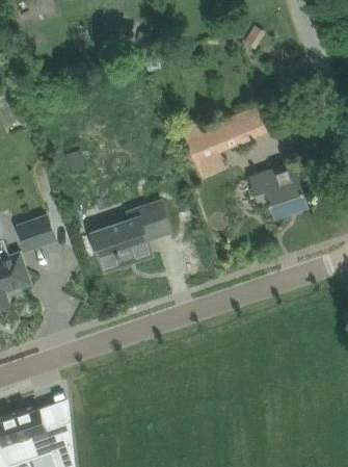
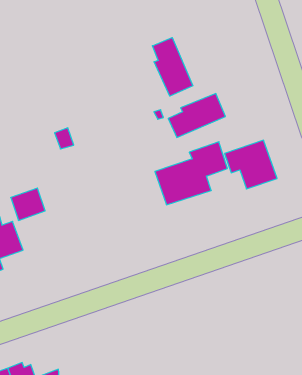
building: none -> [152,38,193,96]
building: [90,203,169,271] -> [155,142,227,205]

